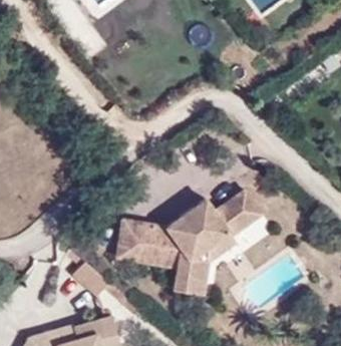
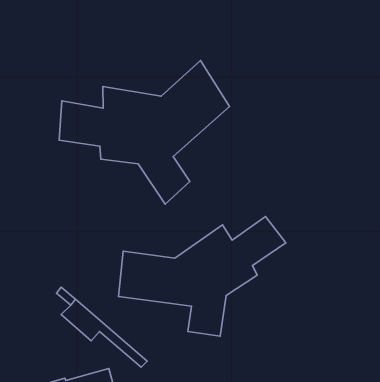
building: none -> [59,60,229,204]

